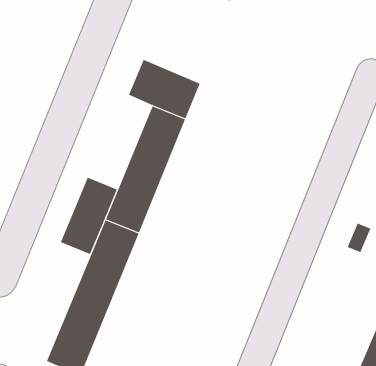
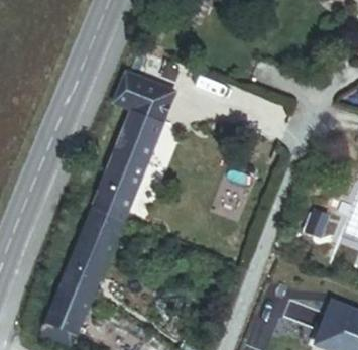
building: [60,177,117,255] -> none

